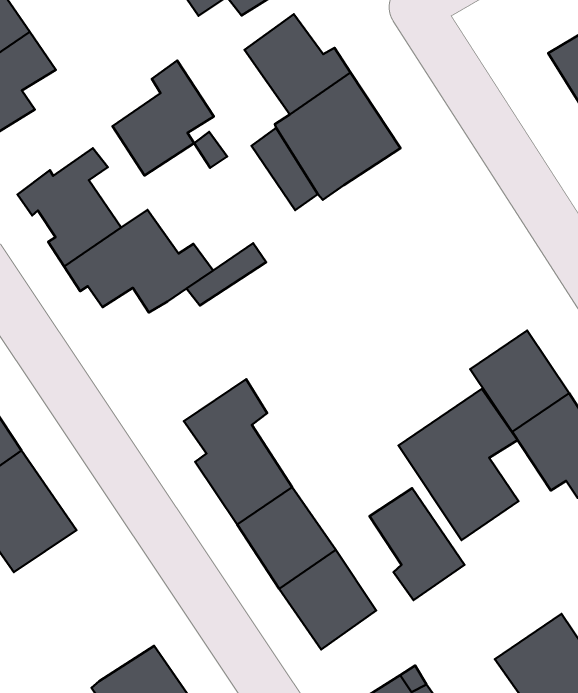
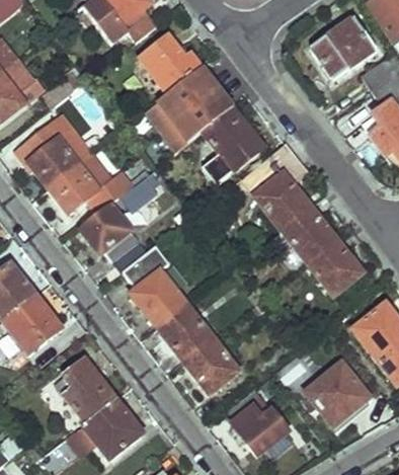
building: [112,60,214,176] -> none
building: none -> [203,107,248,179]
building: none -> [84,204,138,258]
building: [398,389,518,540] -> [242,143,312,229]
building: [369,488,464,600] -> none
building: none -> [64,360,115,420]

